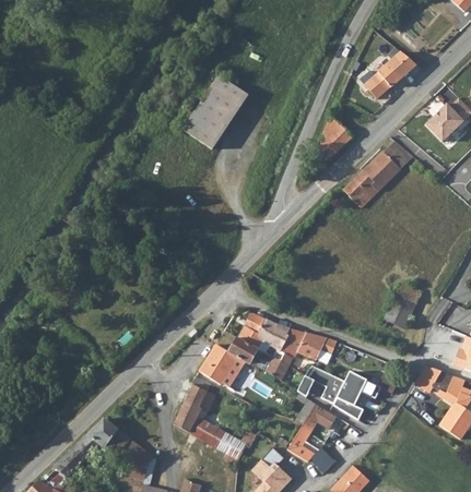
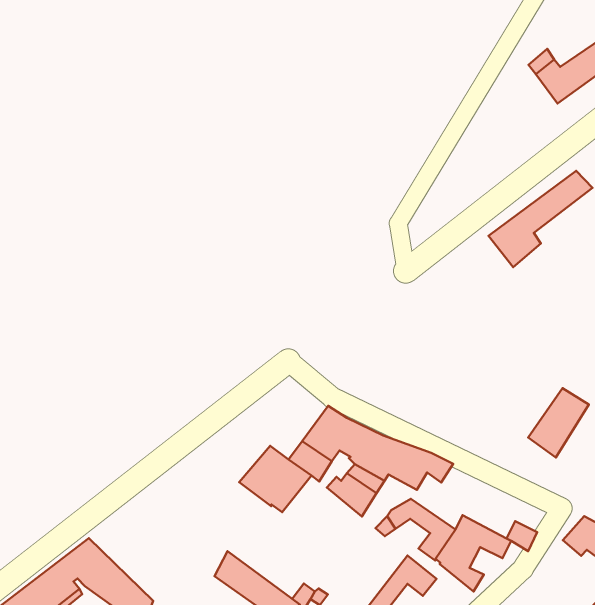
building: [184,79,248,153] -> none
building: [319,116,353,159] -> none
building: [175,377,213,433] -> none

